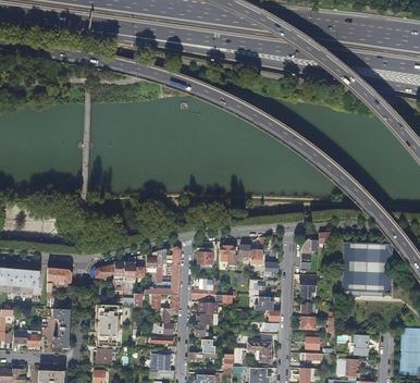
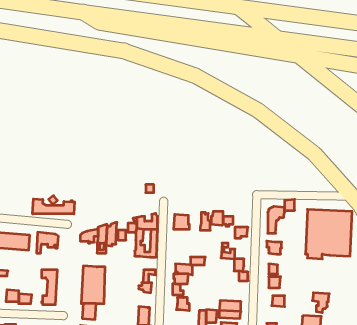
building: none -> [33,199,75,214]

